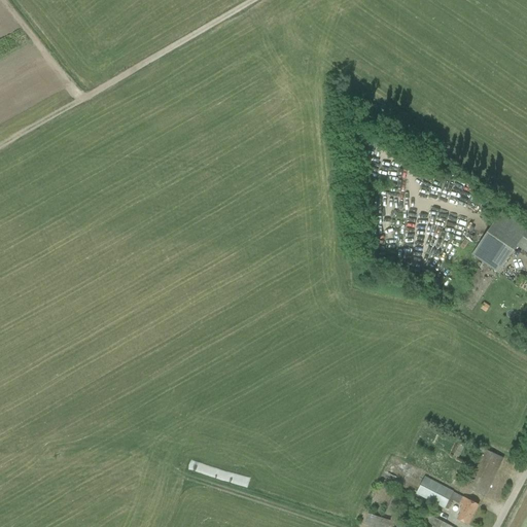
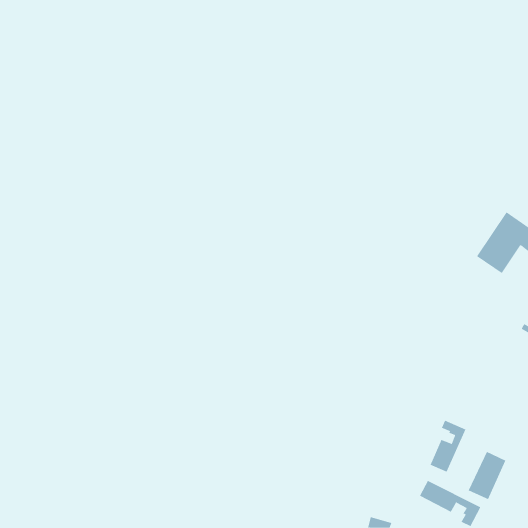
building: none -> [430,420,466,472]

